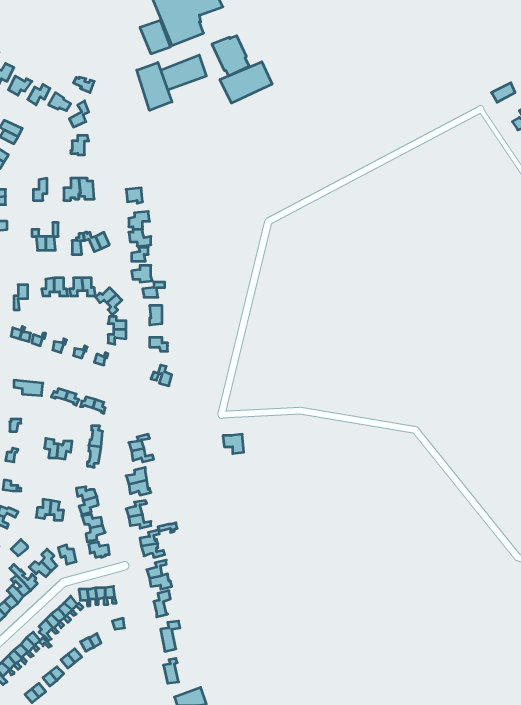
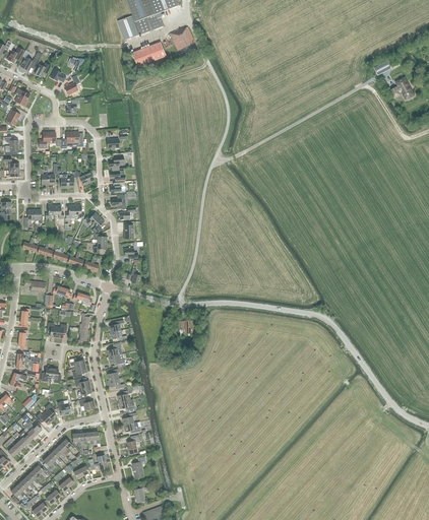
building: [220,62,272,103] -> none
building: [137,62,172,110] -> none

